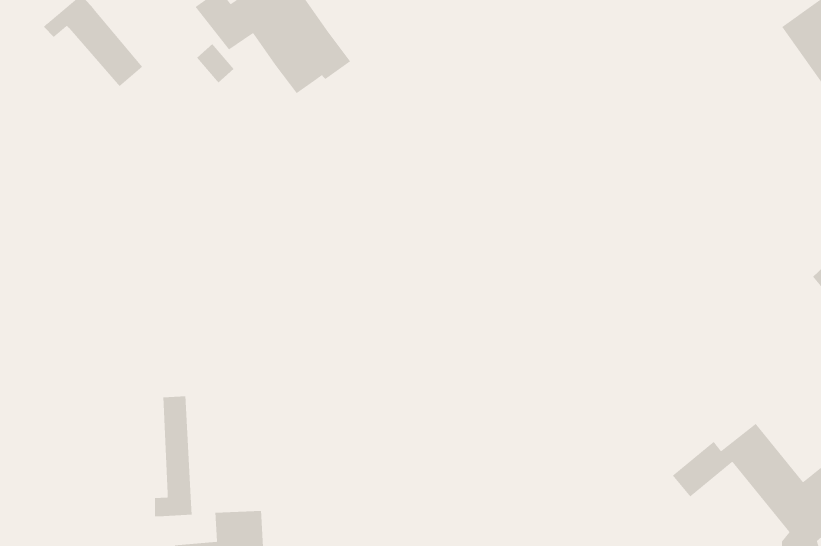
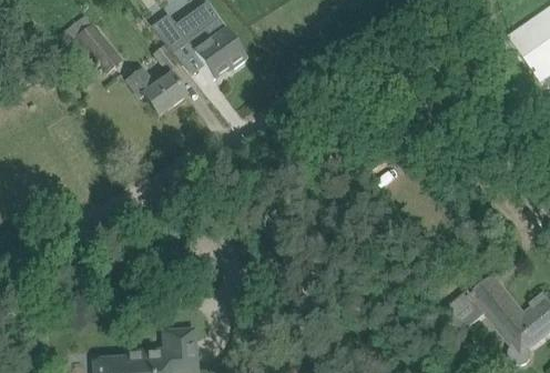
building: none -> [126,65,187,115]
building: [154,396,192,517] -> none

